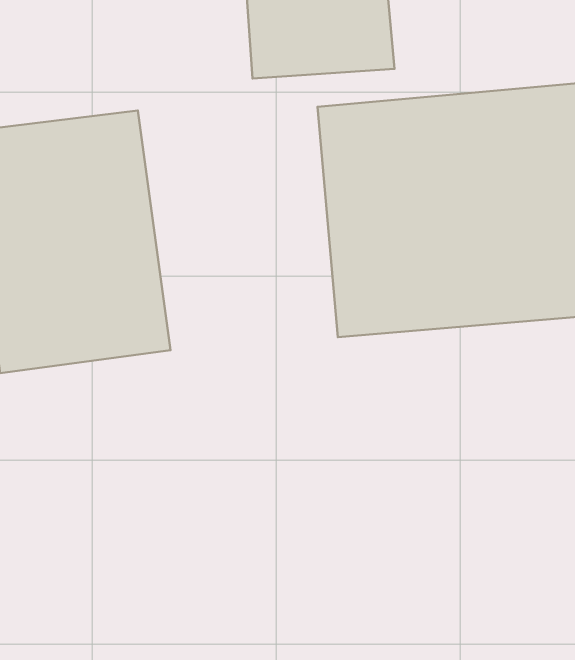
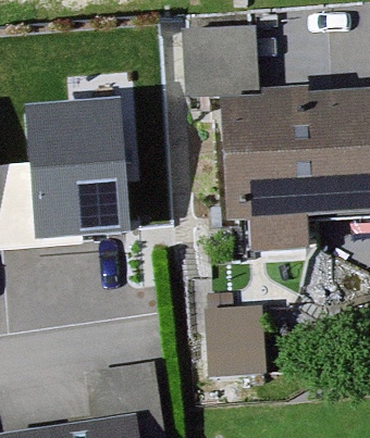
building: none -> [208,299,270,367]

